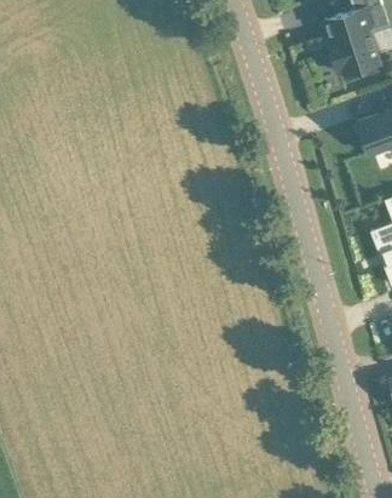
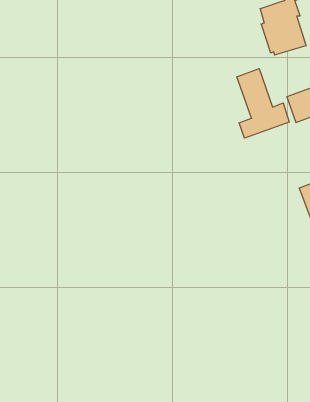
building: none -> [237,69,289,138]

